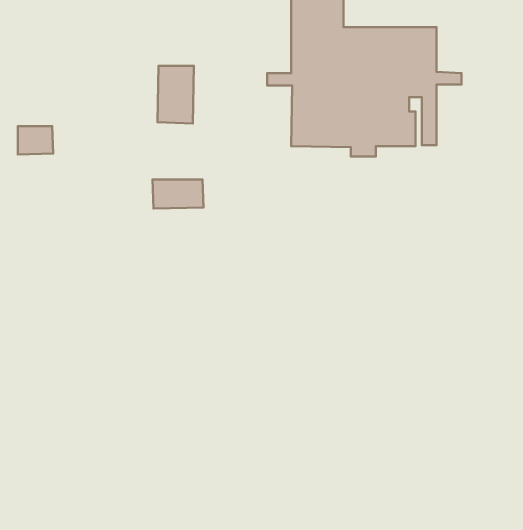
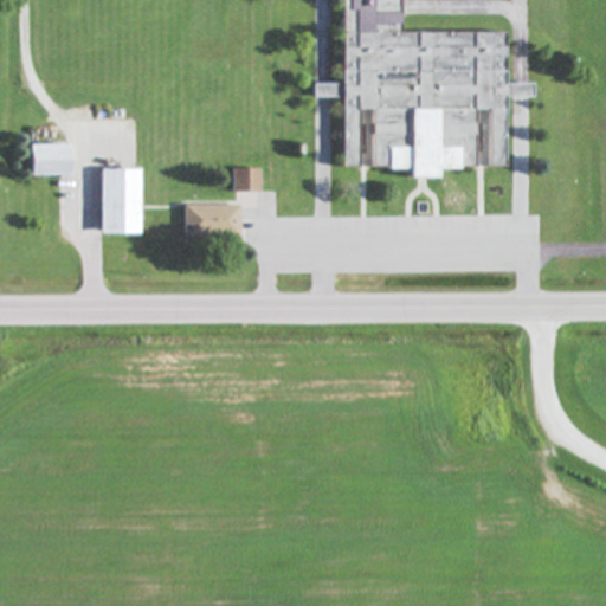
building: [157,66,194,123] -> [102,168,143,233]
building: none -> [233,167,262,192]

